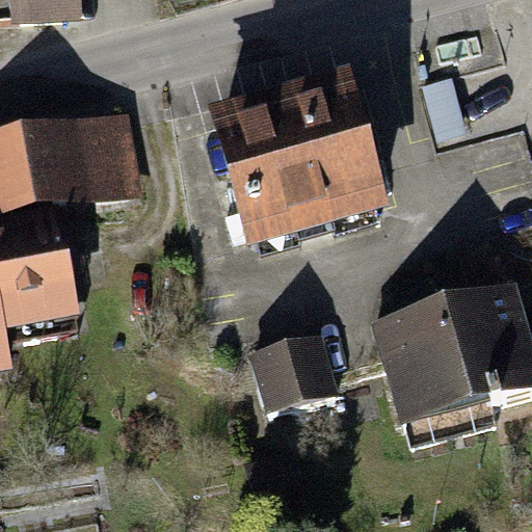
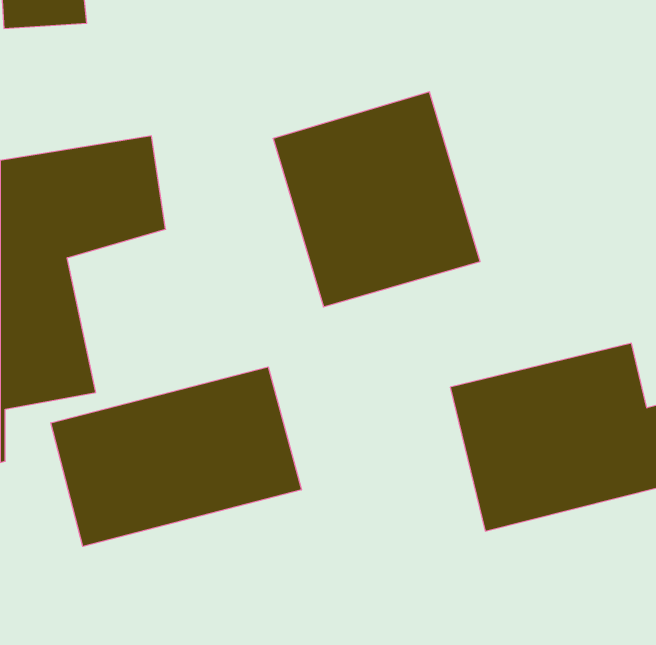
building: none -> [51,367,301,546]
building: [246,330,332,417] -> none

